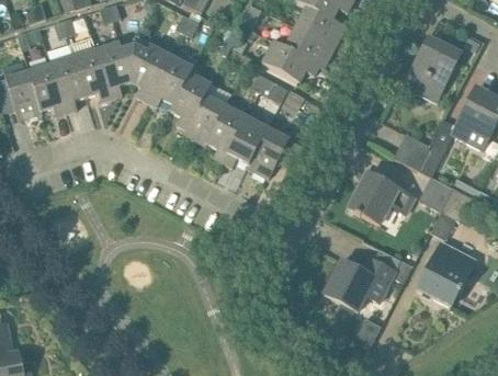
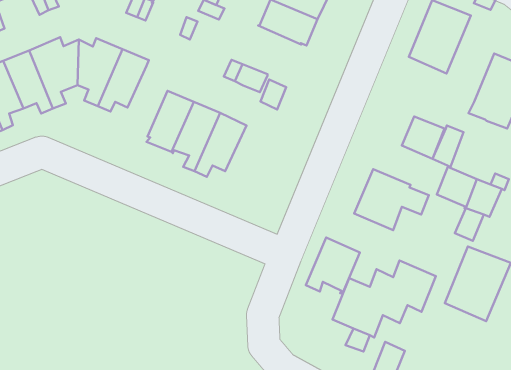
building: [252,32,318,80] -> none
building: [169,70,211,128] -> none
building: [247,126,288,176] -> none
building: none -> [306,238,360,294]

